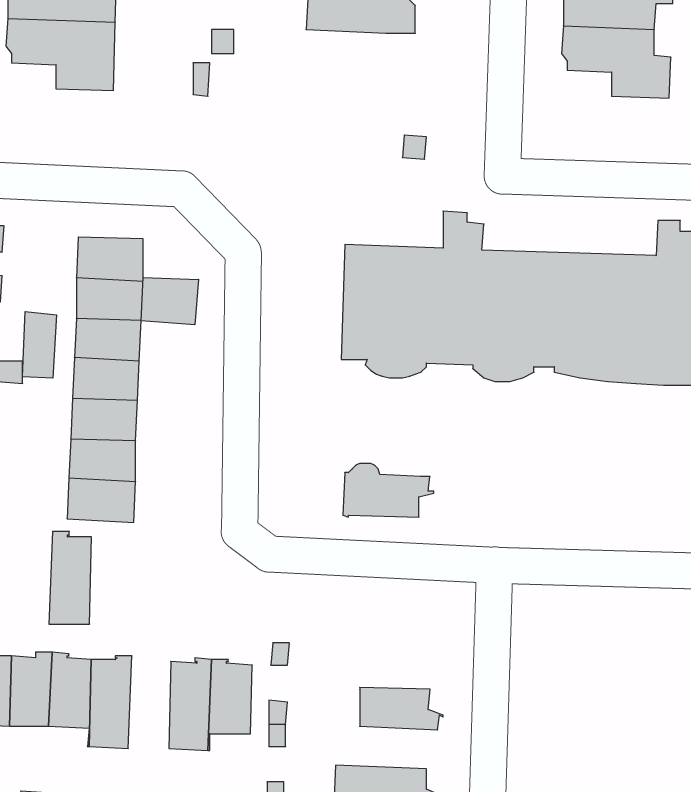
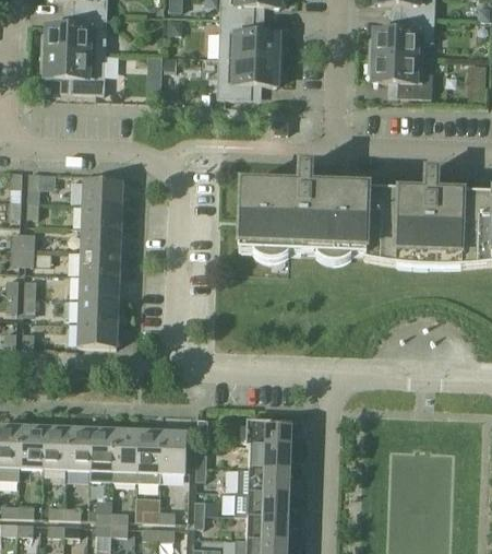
building: none -> [216,56,281,97]
building: [141,277,199,325] -> none
building: [23,312,57,378] -> none
building: [343,463,434,517] -> [245,413,299,445]
building: [49,531,91,624] -> [112,425,137,480]
building: none -> [235,467,297,492]

